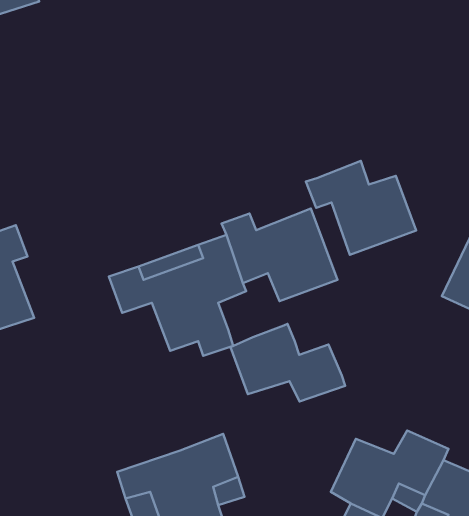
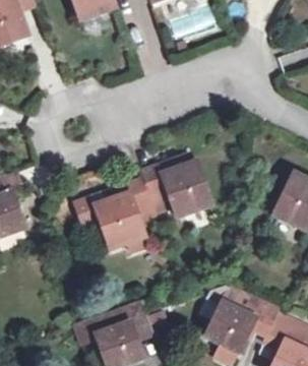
building: [306,161,416,255] -> none
building: [230,324,345,402] -> none

